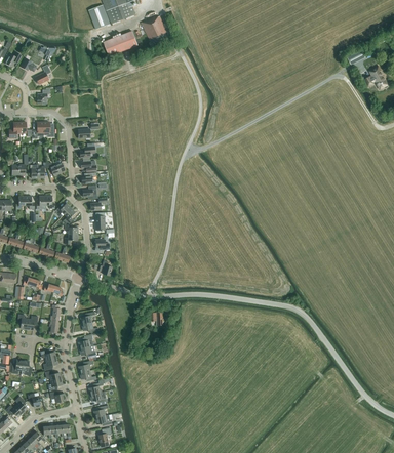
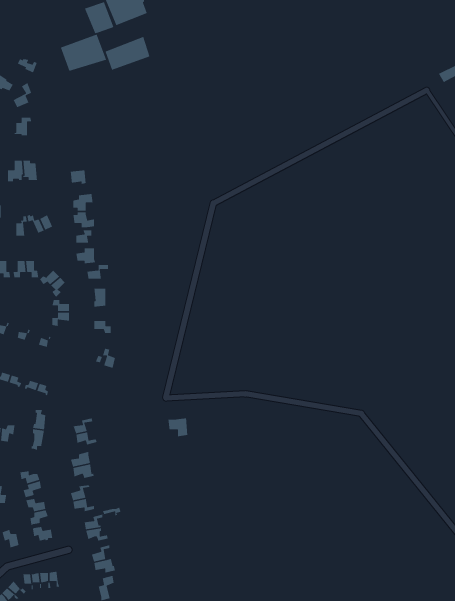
building: [142,16,169,46] -> none
building: none -> [60,34,107,72]

